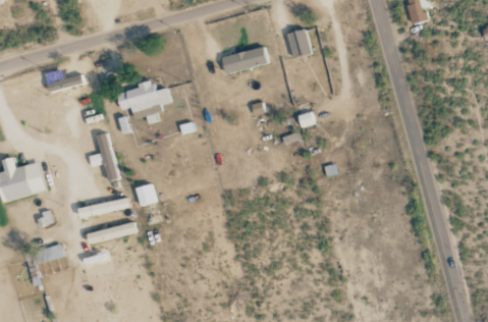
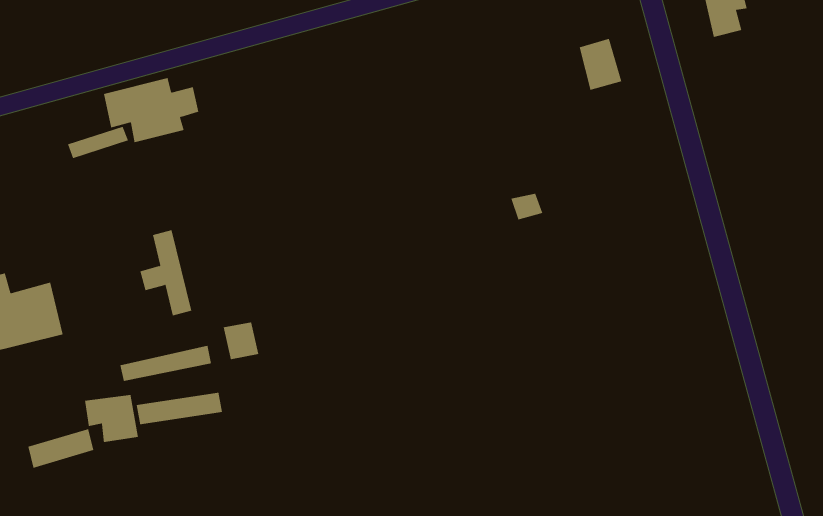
building: [286,28,311,57] -> [579,38,622,91]
building: [221,45,268,73] -> none
building: [116,82,170,118] -> [103,78,199,143]
building: none -> [85,394,139,443]

